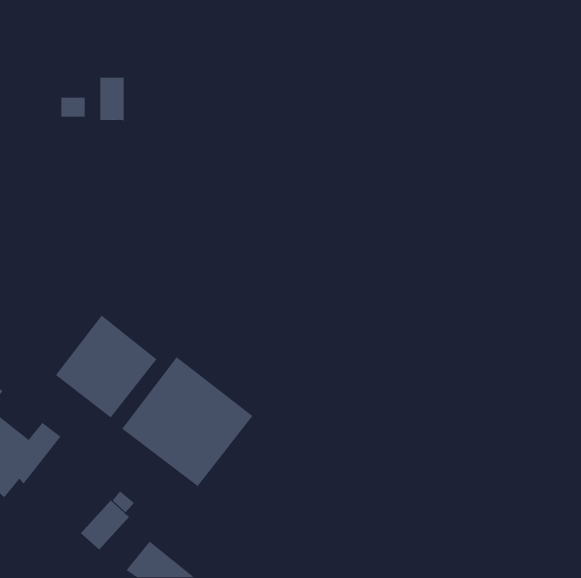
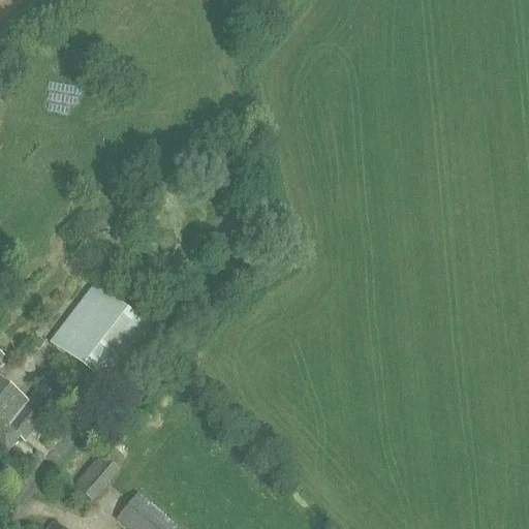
building: [99,77,125,121] -> none
building: [121,356,253,487] -> none

